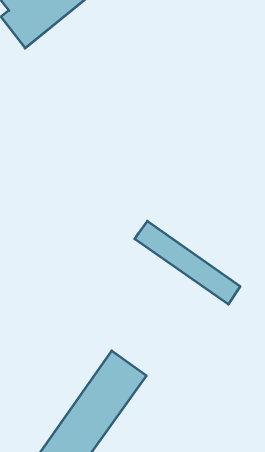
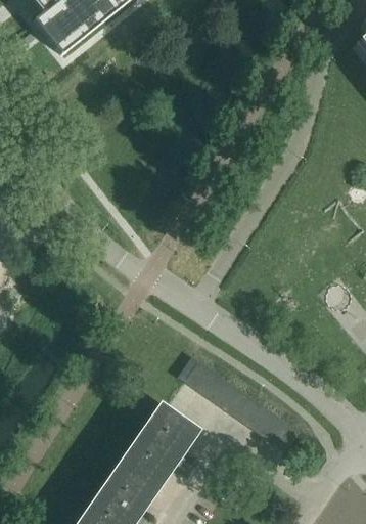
building: [135,221,240,304] -> [179,357,300,452]

